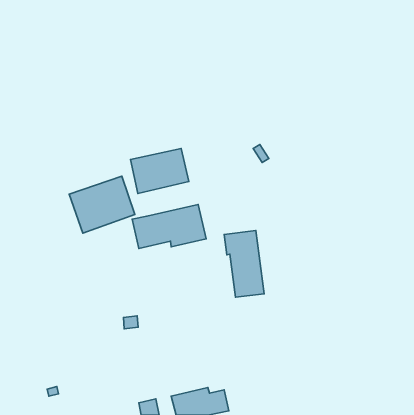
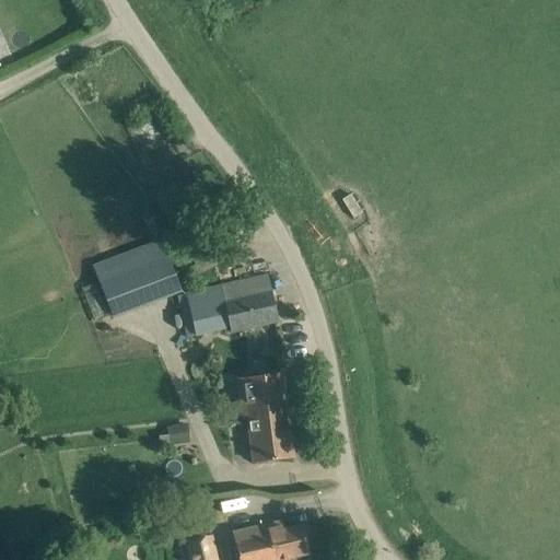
building: [130,149,189,194] -> none
building: [224,231,264,297] -> [240,373,293,463]

